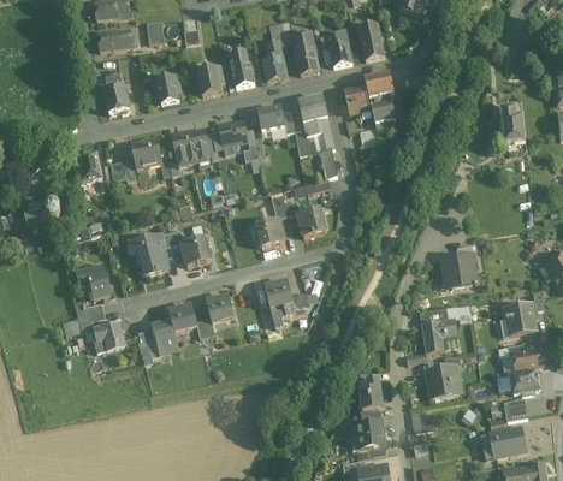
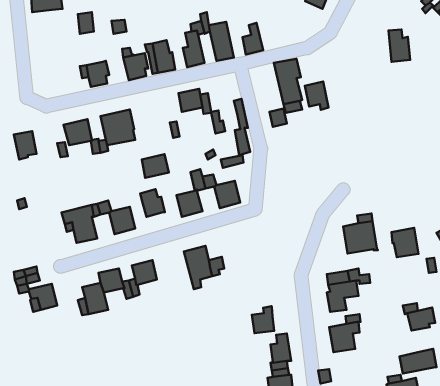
building: [361,24,384,59] -> none
building: [97,29,131,49] -> none
building: [103,85,129,113] -> none
building: [344,85,371,117] -> [305,82,329,110]
building: [297,95,327,136] -> none
building: [500,106,525,142] -> [388,29,410,62]
building: [218,119,248,146] -> [142,154,169,178]
building: none -> [140,189,165,217]
building: [73,262,109,298] -> none
building: [506,301,537,333] -> [392,228,419,257]
building: none -> [252,306,274,333]
building: [509,369,540,394] -> none

